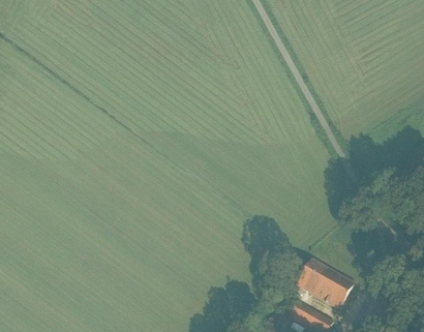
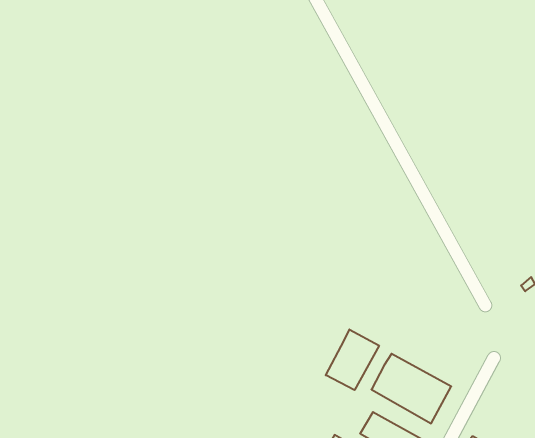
building: none -> [326,329,379,390]

